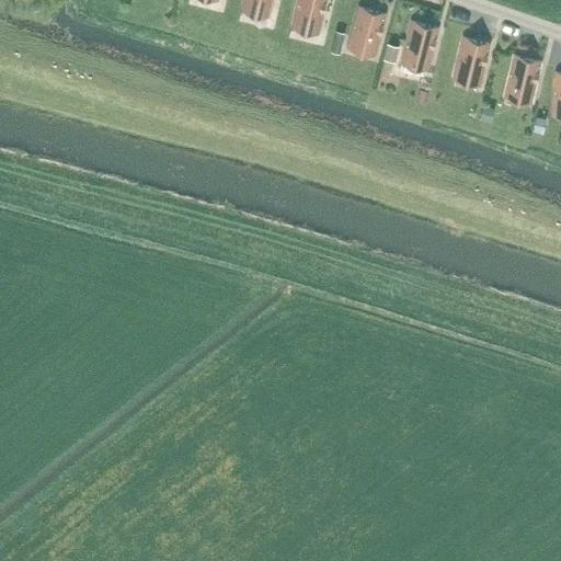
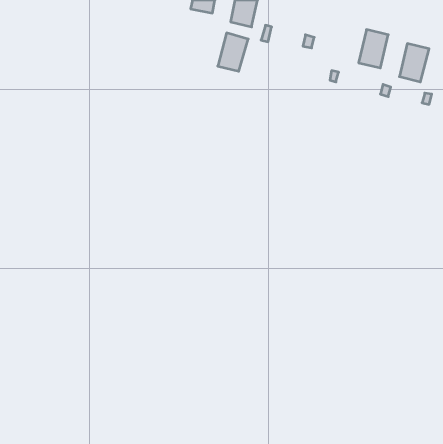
building: [346,8,385,56] -> [218,33,248,71]
building: [400,22,437,70] -> none

